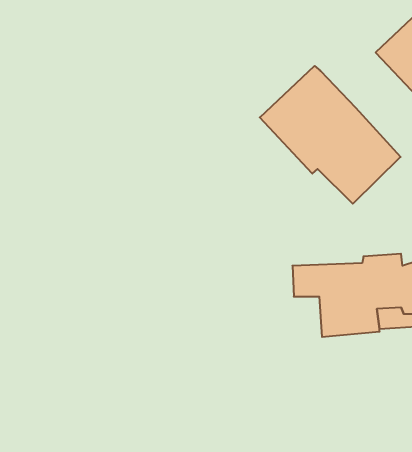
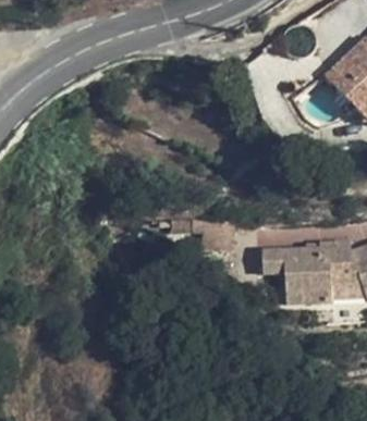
building: [260,66,401,204] -> none

